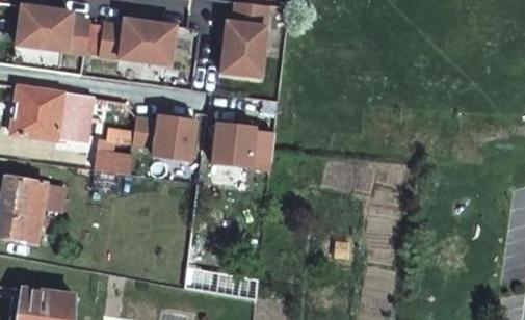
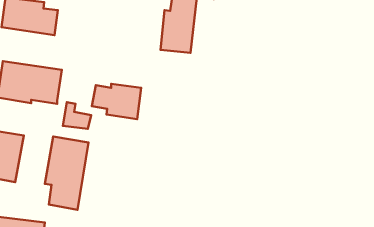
building: [101,18,175,64] -> none
building: [212,123,275,167] -> none
building: none -> [45,137,89,210]

